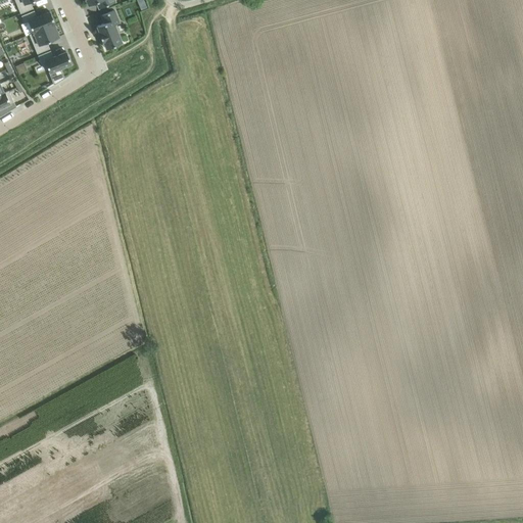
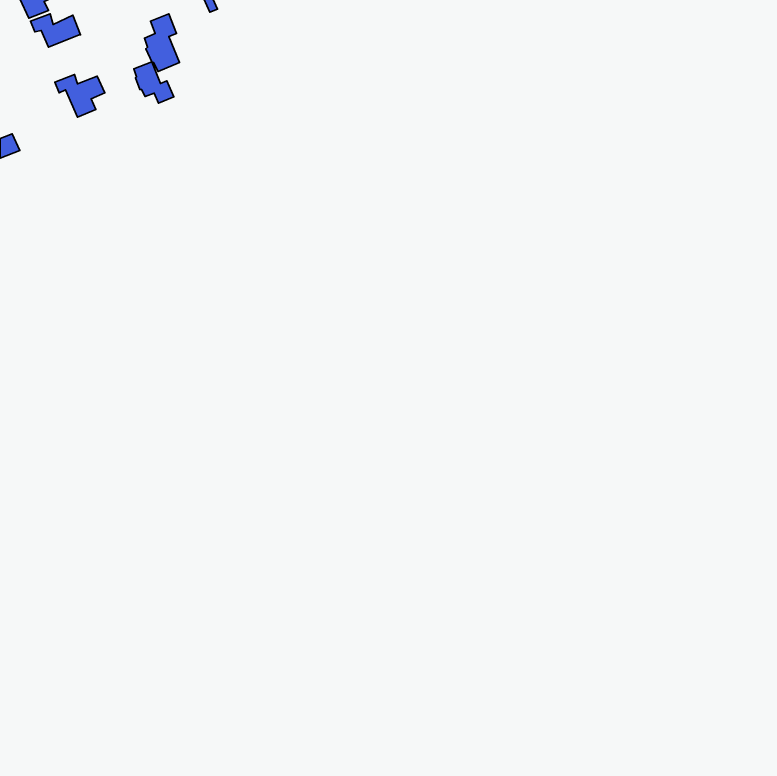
building: [29,23,58,53] -> none
building: none -> [134,62,174,103]

